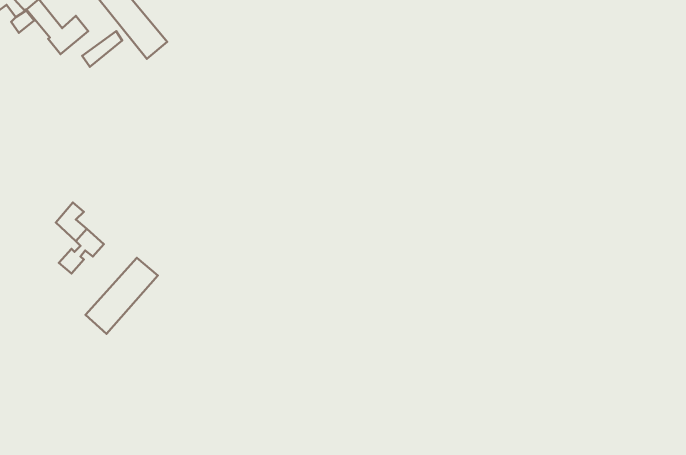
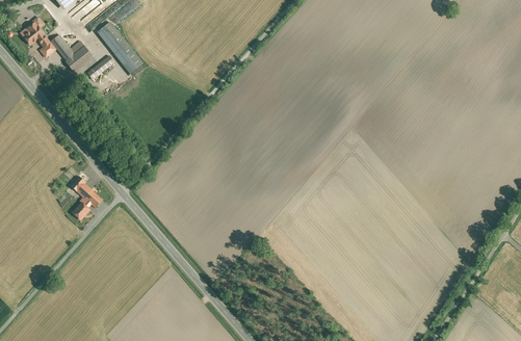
building: [86,258,158,334] -> none

